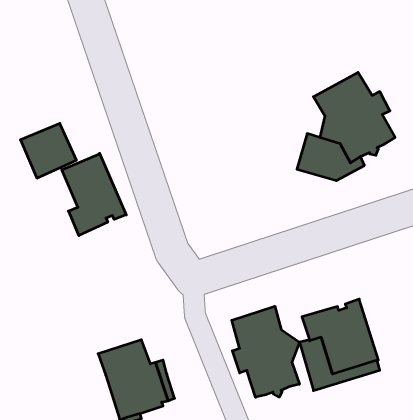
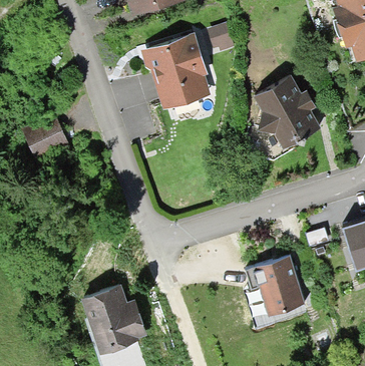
building: none -> [147,35,208,106]
building: [62,153,126,236] -> none
building: [232,306,299,397] -> none

